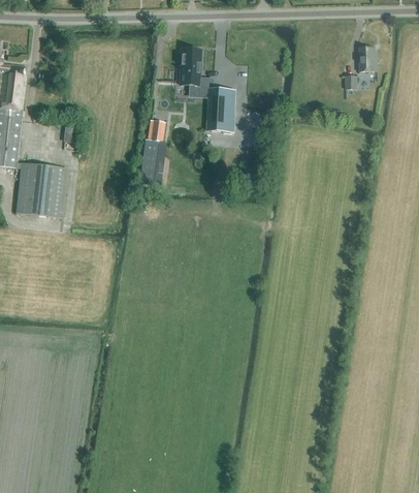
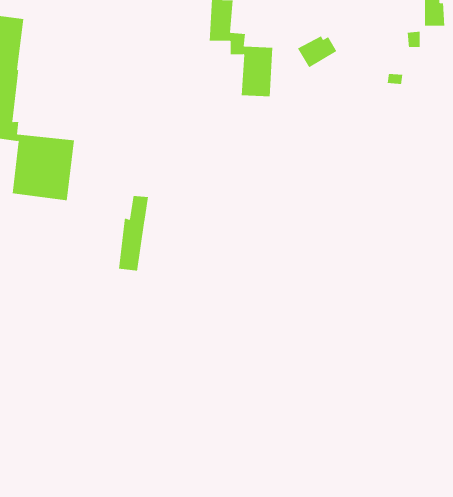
building: none -> [297,36,337,68]
building: [140,119,166,182] -> [118,196,149,271]

